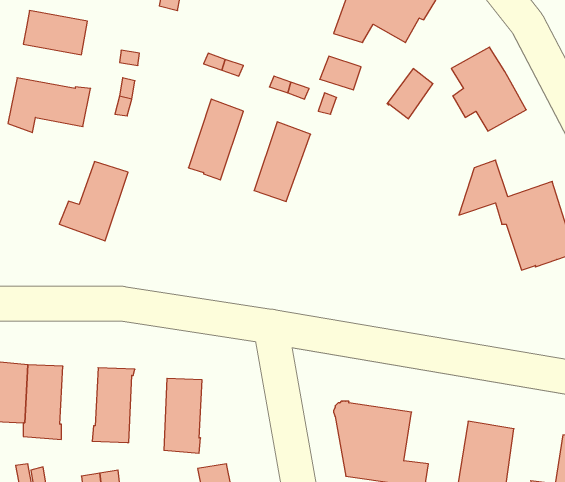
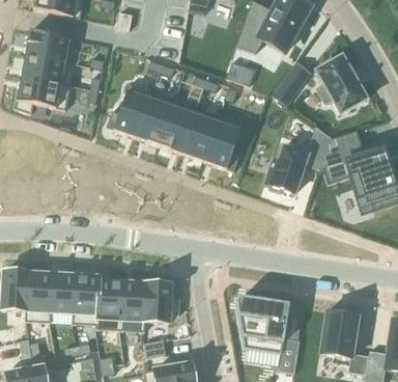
building: none -> [21,53,64,83]
building: none -> [159,99,197,153]
building: none -> [203,114,243,170]
building: none -> [264,126,331,193]
building: [59,162,128,241] -> [106,83,152,137]
building: none -> [50,272,76,312]
building: none -> [95,278,122,329]
building: none -> [144,281,180,322]

